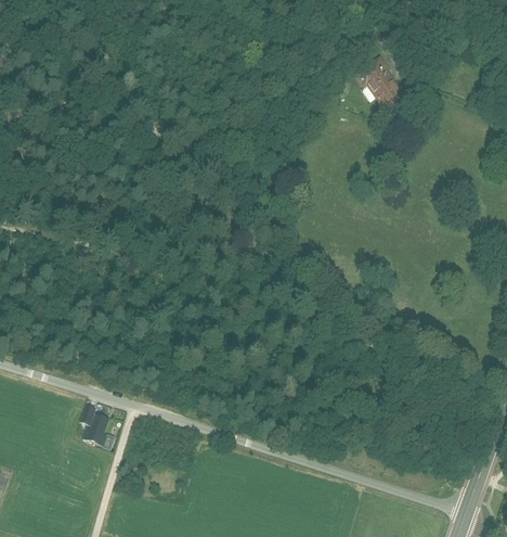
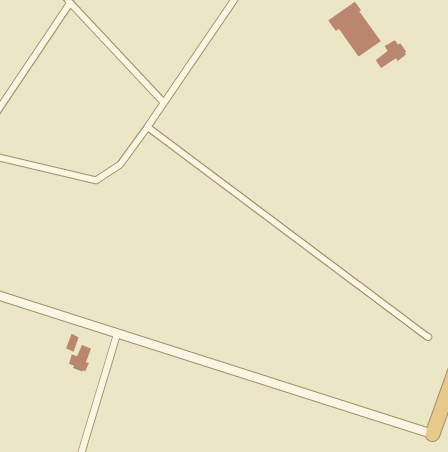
building: none -> [375,39,407,69]

